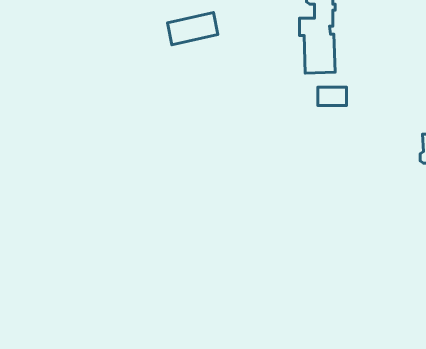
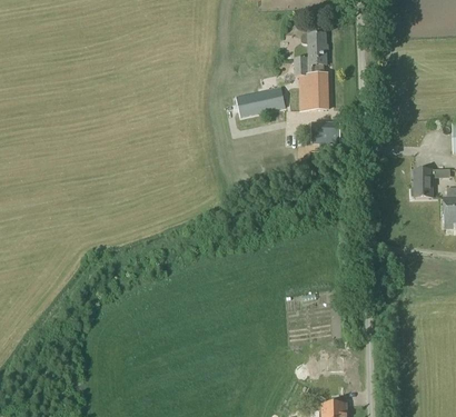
building: [167,13,218,45] -> [236,86,285,117]

